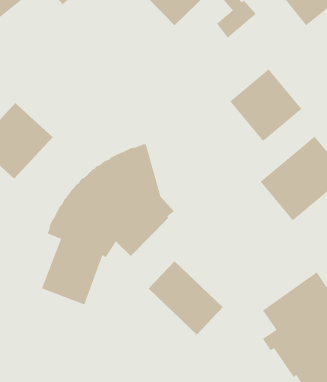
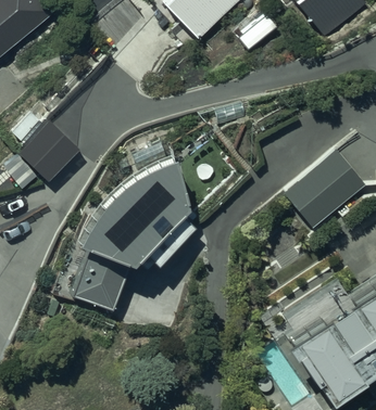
building: [229,68,302,142] -> none
building: [148,260,223,335] -> none

